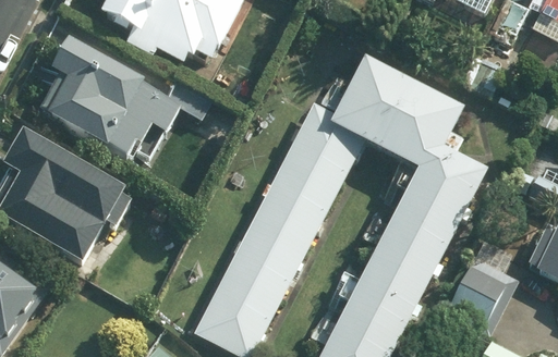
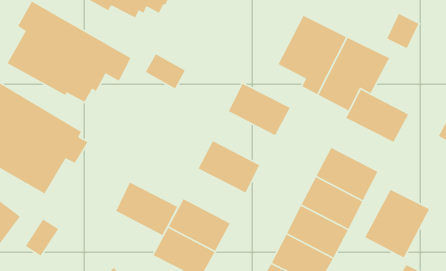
building: [302,98,374,160] -> none
building: [268,164,340,225] -> none
building: [403,172,475,233] -> none
building: [234,230,306,292] -> [115,182,178,236]

